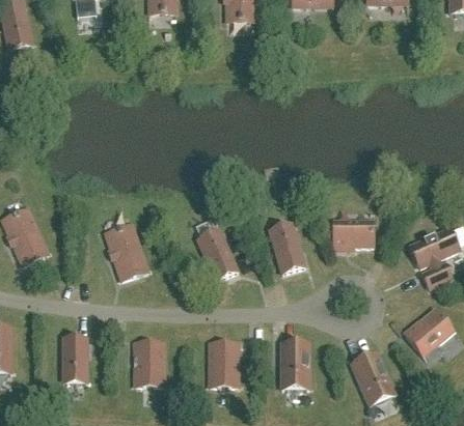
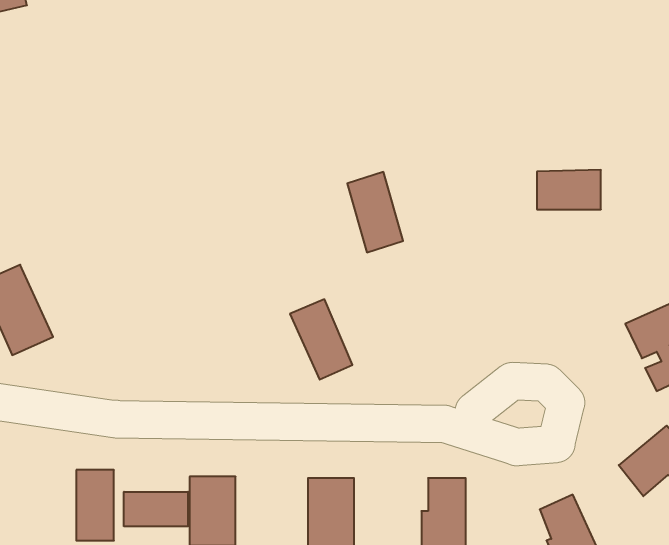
building: [269,222,304,273] -> [347,172,403,252]
building: [332,222,373,247] -> [537,170,601,209]
building: [105,223,147,279] -> none
building: none -> [124,492,188,526]

